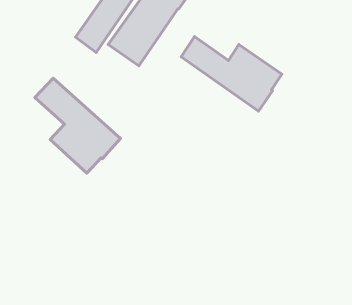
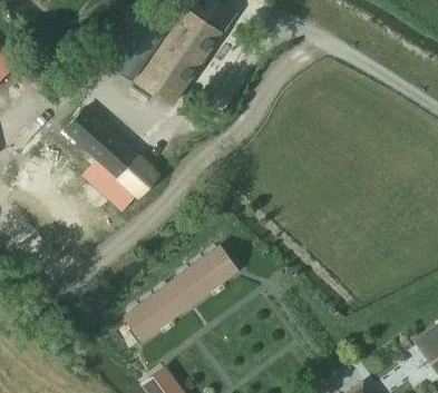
building: [181,37,282,111] -> none
building: none -> [125,247,236,340]

